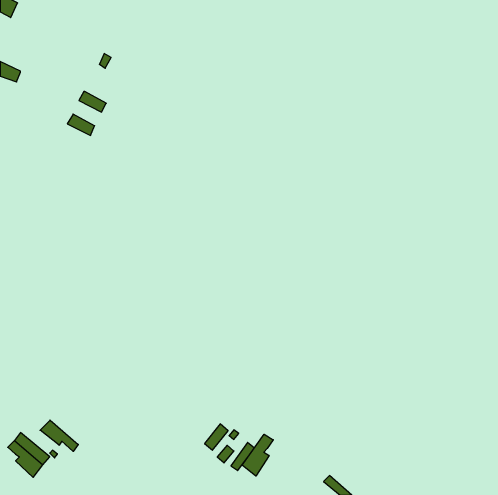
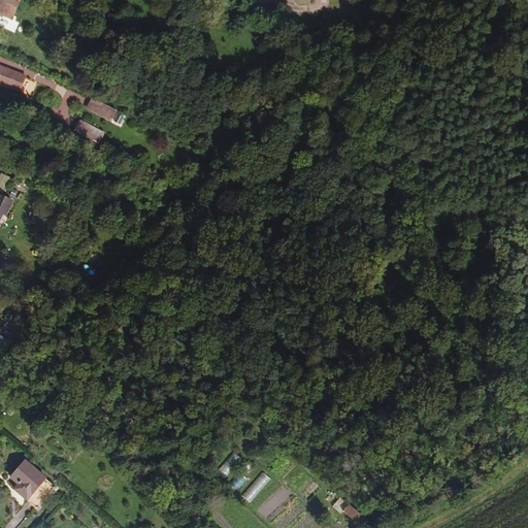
building: [40,420,78,451] -> none
building: [242,434,273,476] -> none

